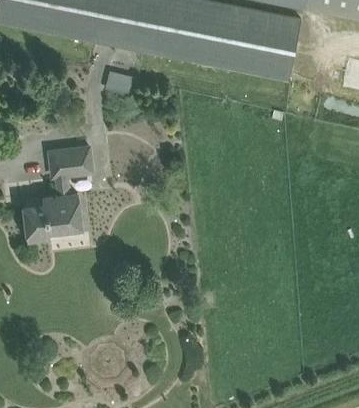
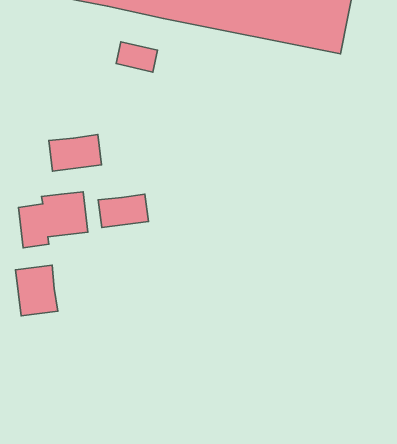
building: none -> [98,194,149,227]
building: none -> [15,265,58,316]

